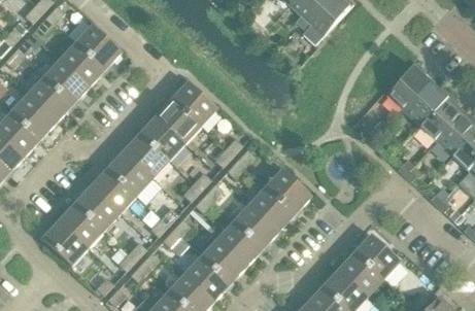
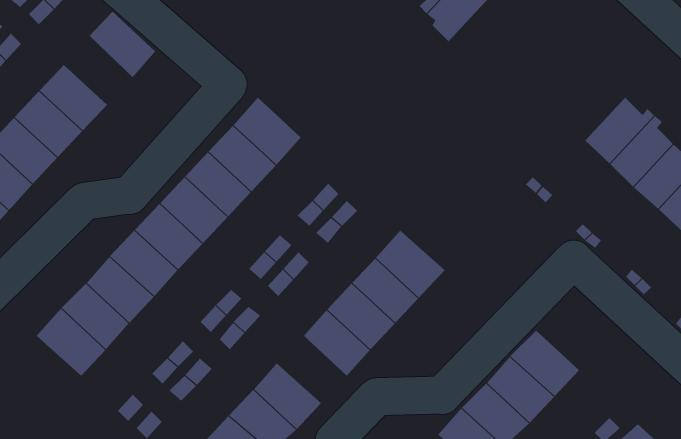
building: [61,40,106,85] -> none
building: [386,62,431,109] -> none
building: [201,238,247,282] -> none

